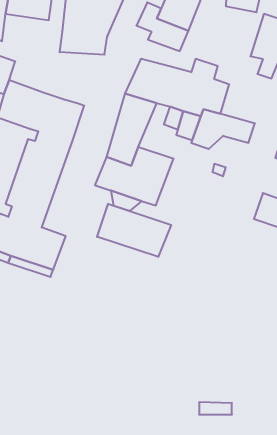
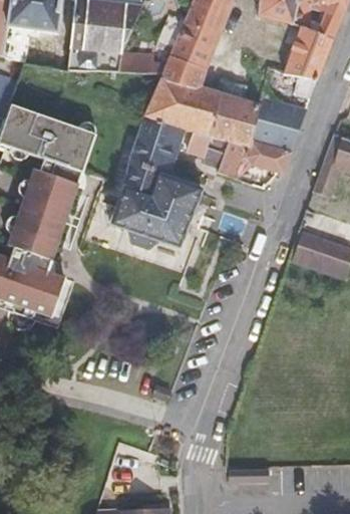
building: none -> [119,52,205,87]
building: none -> [251,89,305,151]
building: [97,204,171,257] -> none

